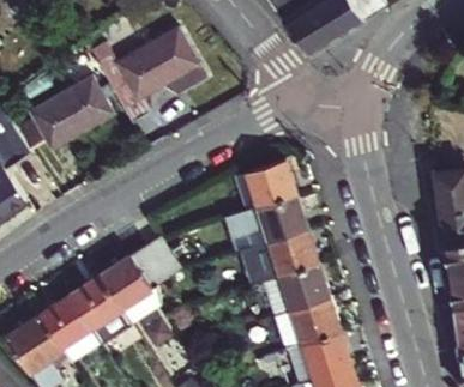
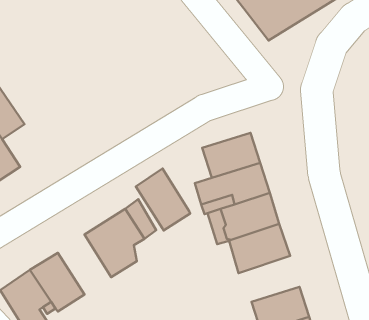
building: [110,28,205,120] -> none
building: [32,77,113,146] -> none
building: [70,274,131,344] -> [136,168,190,231]
building: [272,298,341,351] -> none

